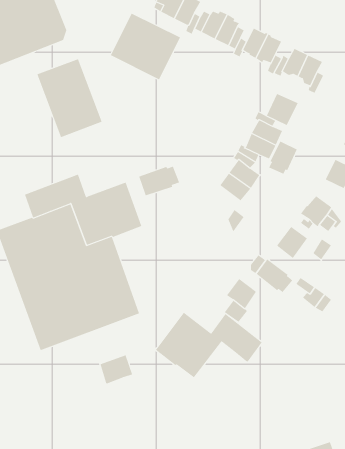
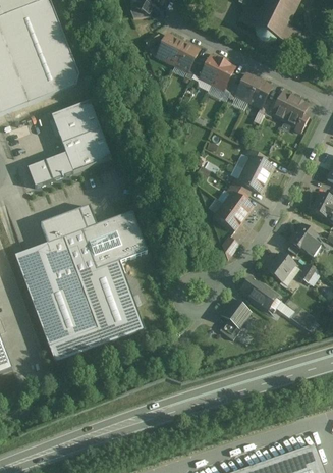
building: [110,13,181,80] -> none
building: [266,93,298,126] -> none
building: none -> [26,152,72,187]
building: [269,141,297,175] -> none
building: [139,166,180,196] -> none
building: [155,312,263,378] -> none
building: [100,354,133,384] -> none

